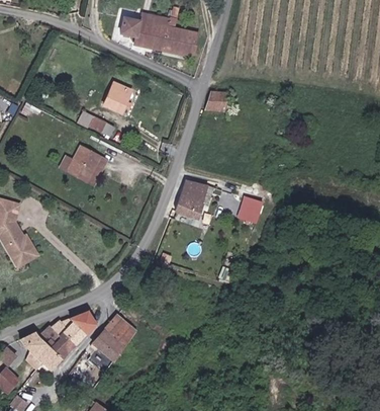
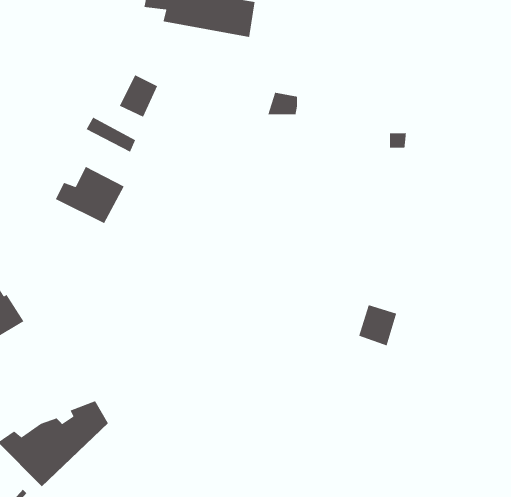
building: [173,180,206,219] -> none
building: [235,194,263,224] -> [358,304,397,347]
building: [93,316,135,360] -> none

